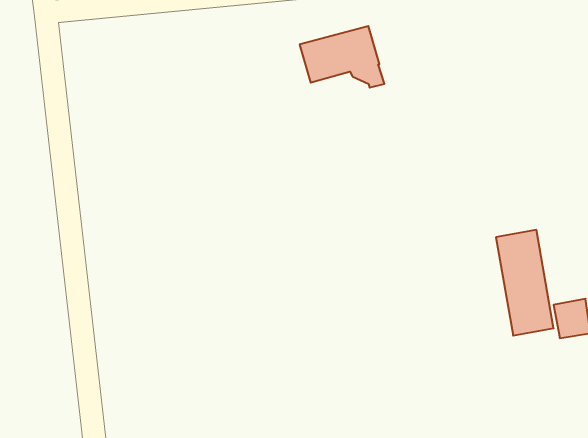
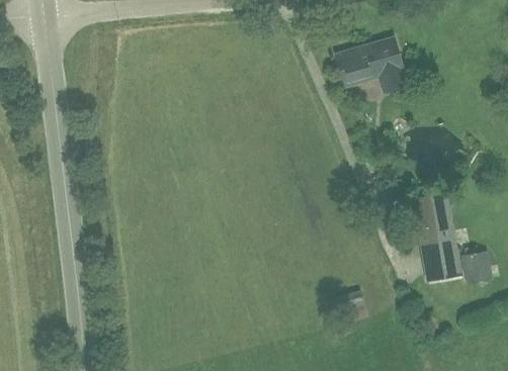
building: [300,26,384,88] -> [337,36,407,87]

